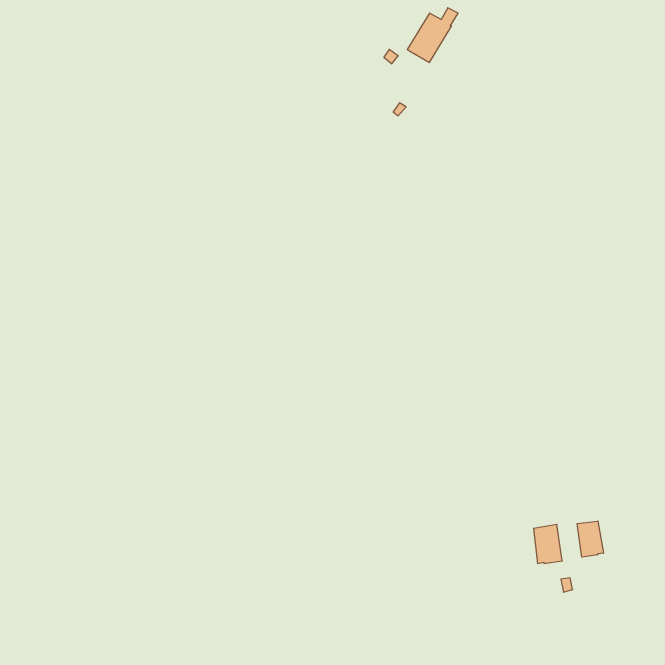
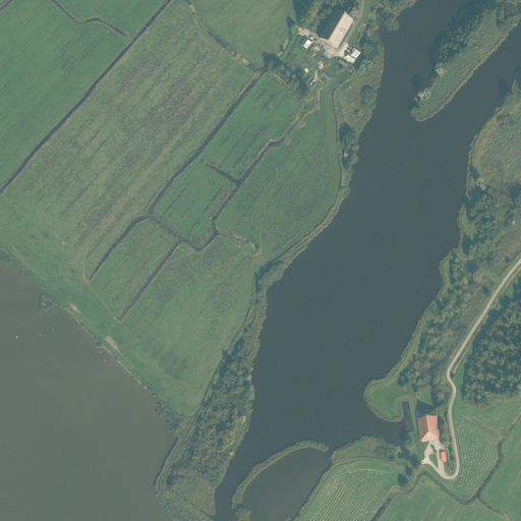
building: [577,521,603,557] -> none

